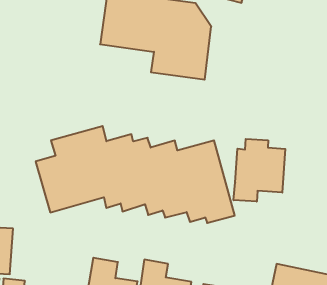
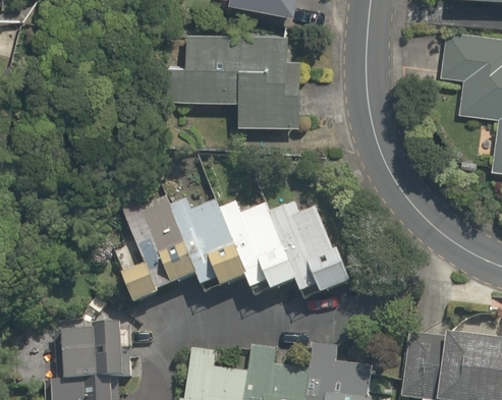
building: [234,139,285,202] -> none
building: none -> [91,319,133,377]

